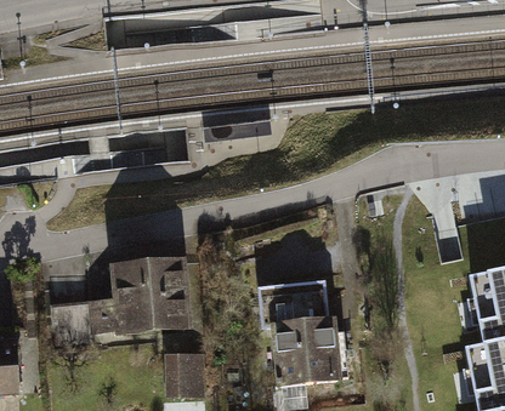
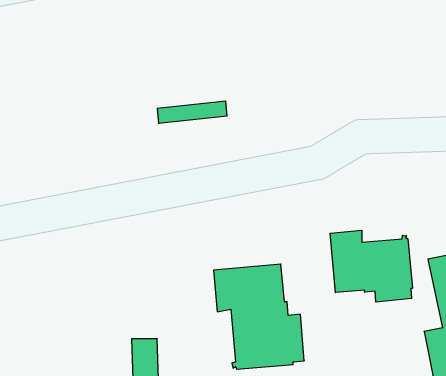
building: none -> [330,230,413,302]
building: [52,263,186,347] -> none

